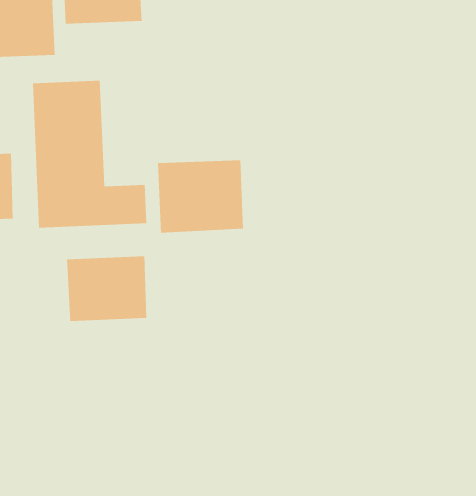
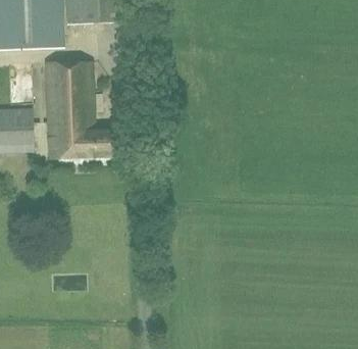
building: [157,159,244,233] -> none
building: [67,256,147,322] -> none

